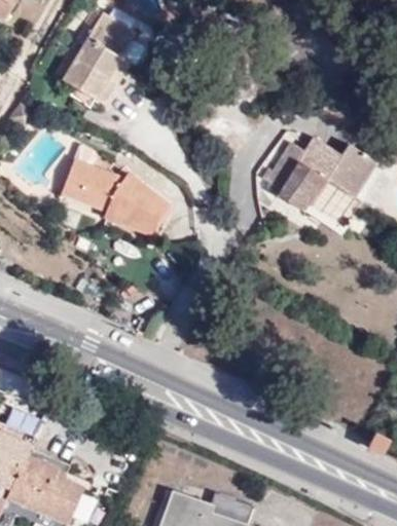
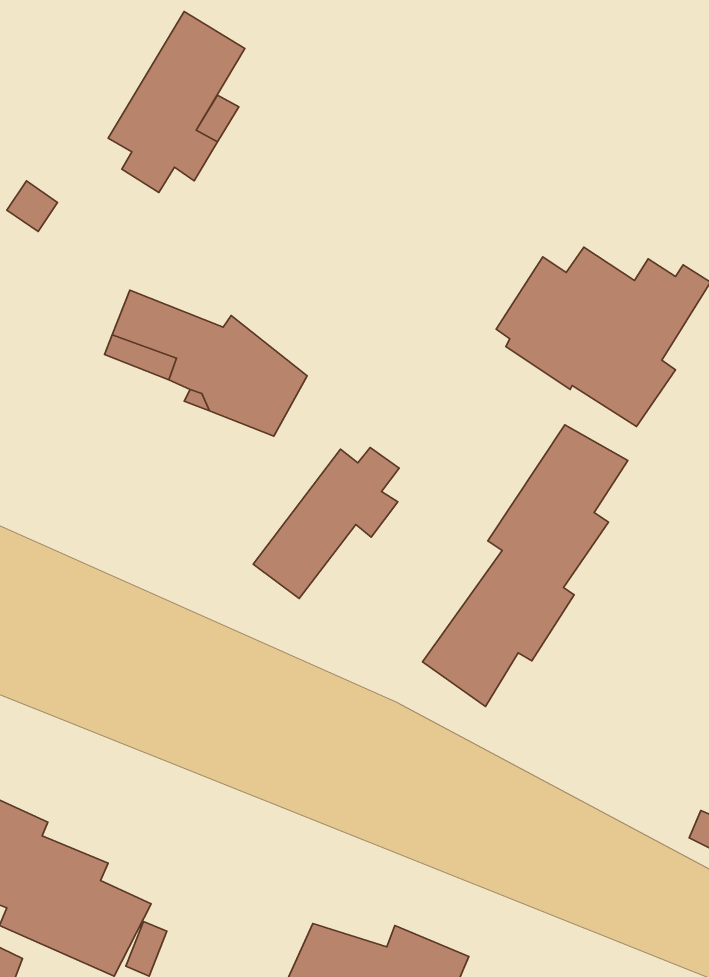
building: none -> [423,425,628,707]
building: none -> [253,447,399,598]

